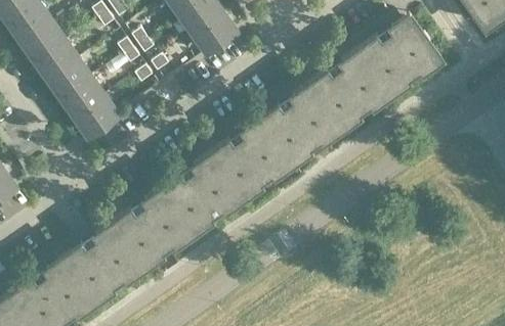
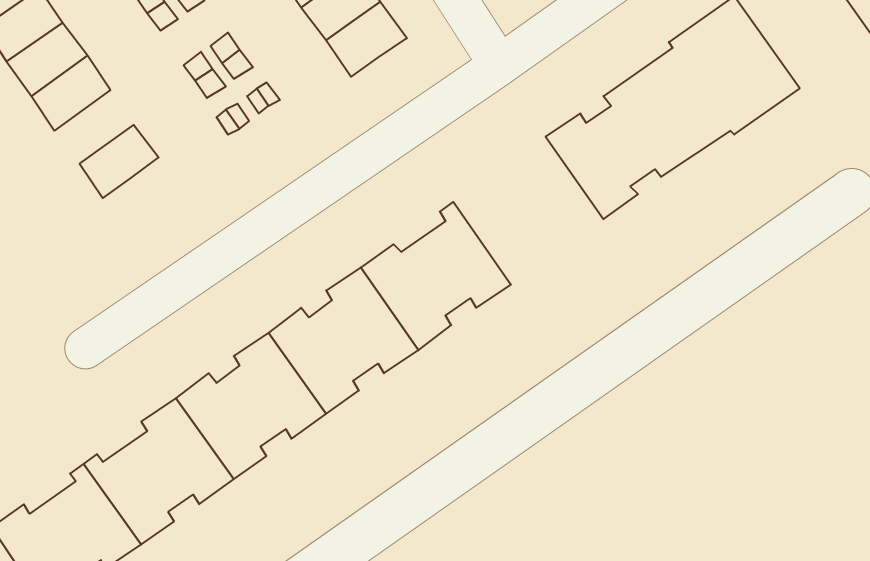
building: [49,60,91,99] -> none
building: [261,85,341,164] -> none
building: [75,96,118,136] -> none

